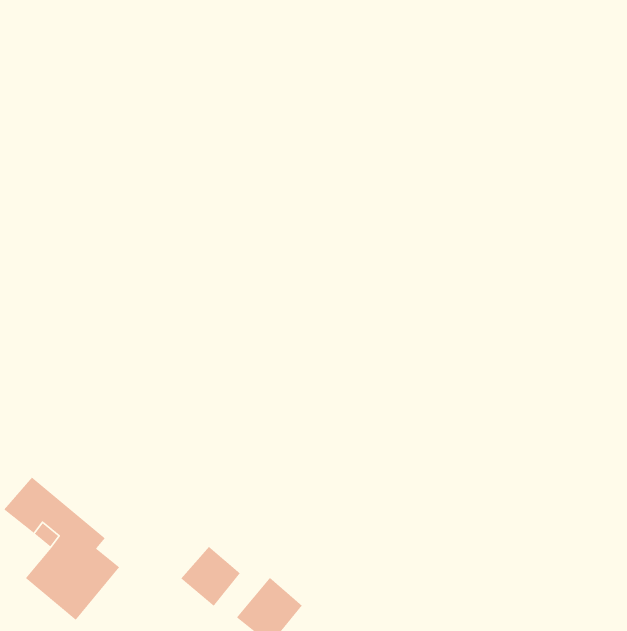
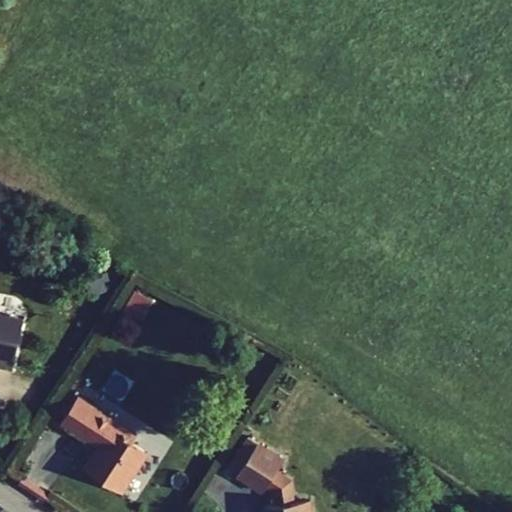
building: [180,546,241,607] -> none

